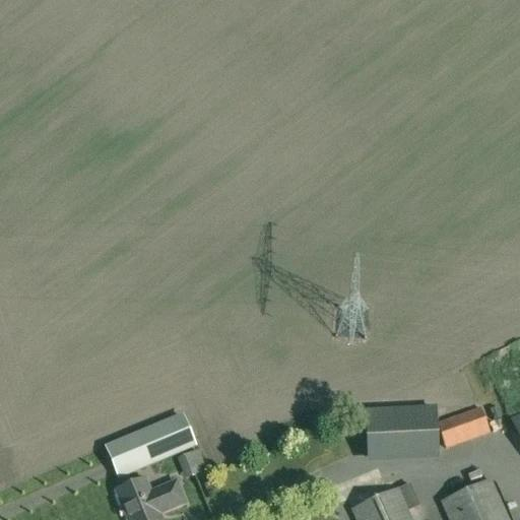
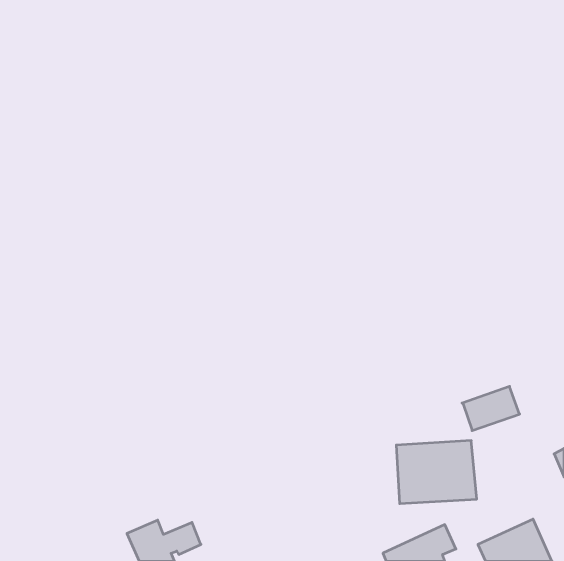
building: [437,406,490,447] -> [462,386,520,431]
building: [107,414,194,475] -> none

